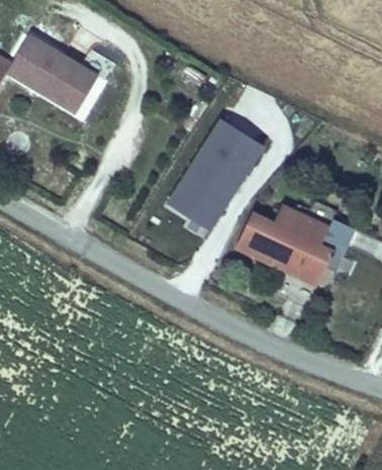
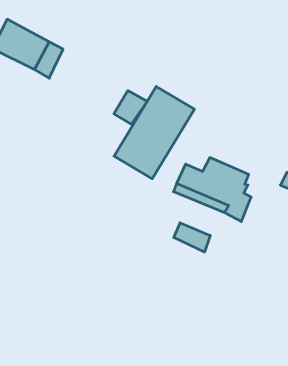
building: none -> [114,91,147,124]
building: none -> [174,223,210,252]

